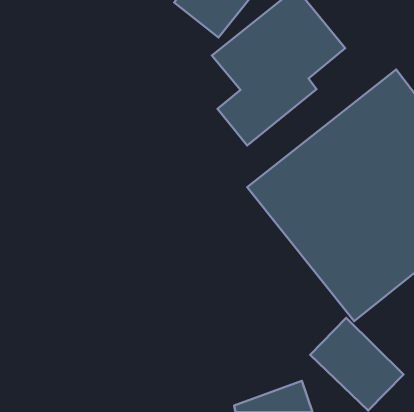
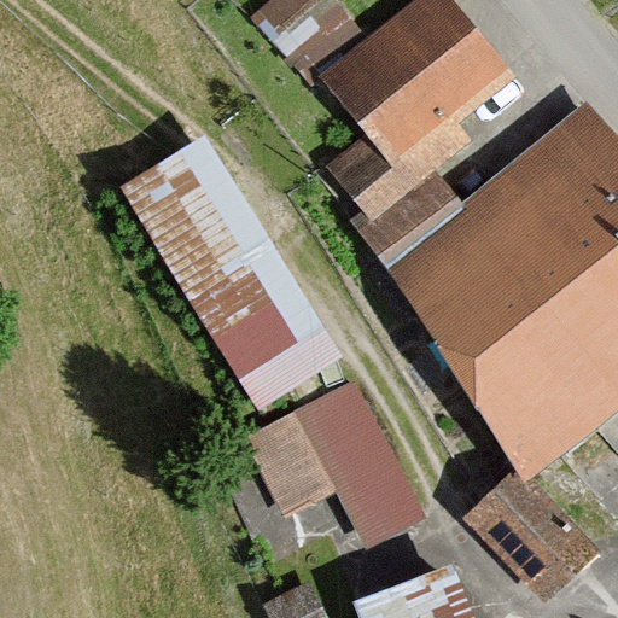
building: none -> [116,134,340,406]
building: none -> [249,378,424,535]

